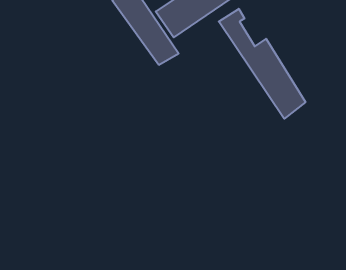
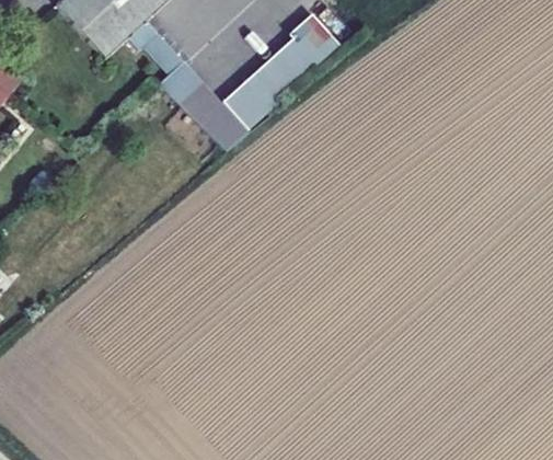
building: [219,9,305,119] -> none

